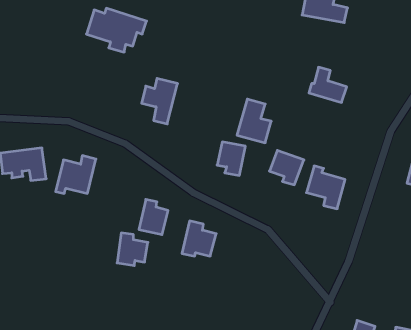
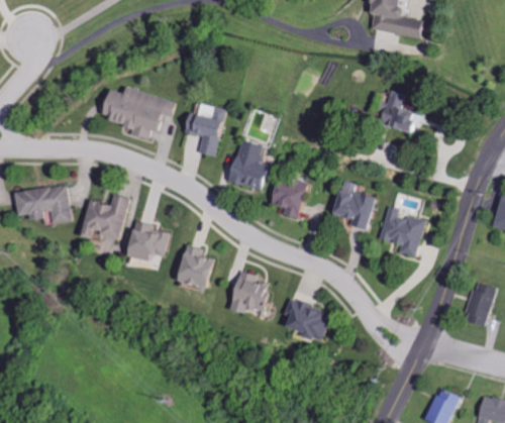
building: [86,8,147,52] -> [103,87,174,138]
building: [237,99,271,143] -> [227,138,268,190]
building: none -> [462,282,494,326]
building: [117,233,148,266] -> [130,221,167,259]
building: none -> [283,299,328,341]

